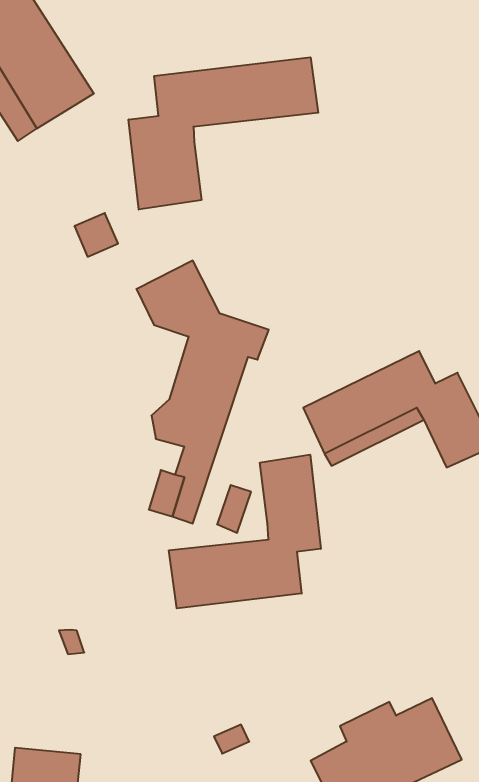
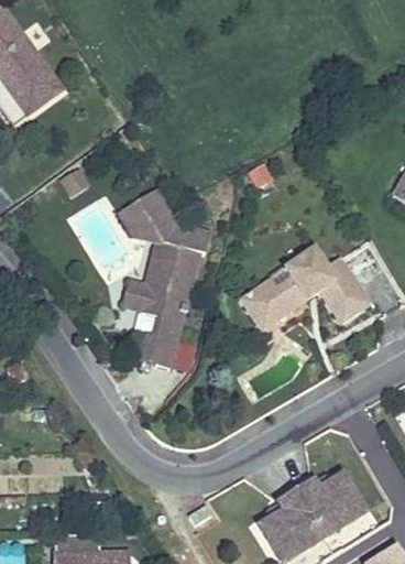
building: [129,57,318,210] -> none
building: [169,455,321,608] -> none

